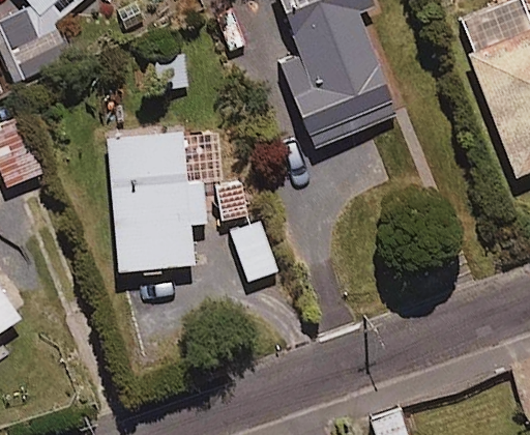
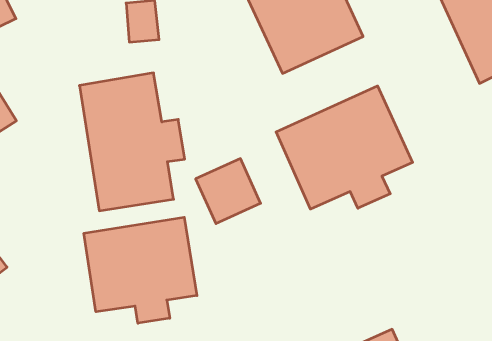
building: none -> [276,86,413,209]
building: none -> [84,217,197,323]

